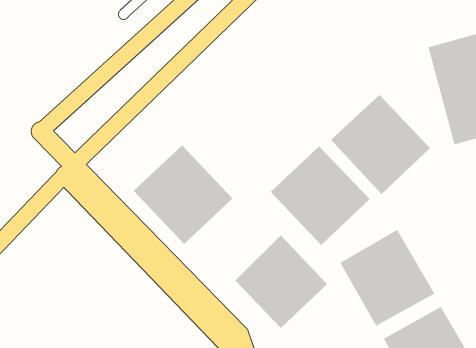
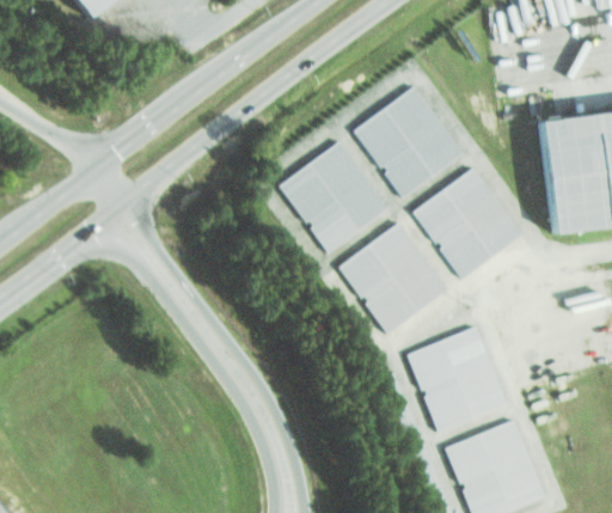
building: none -> [351,84,464,199]
building: [133,145,233,245] -> [275,138,387,251]
building: [234,235,328,329] -> none

